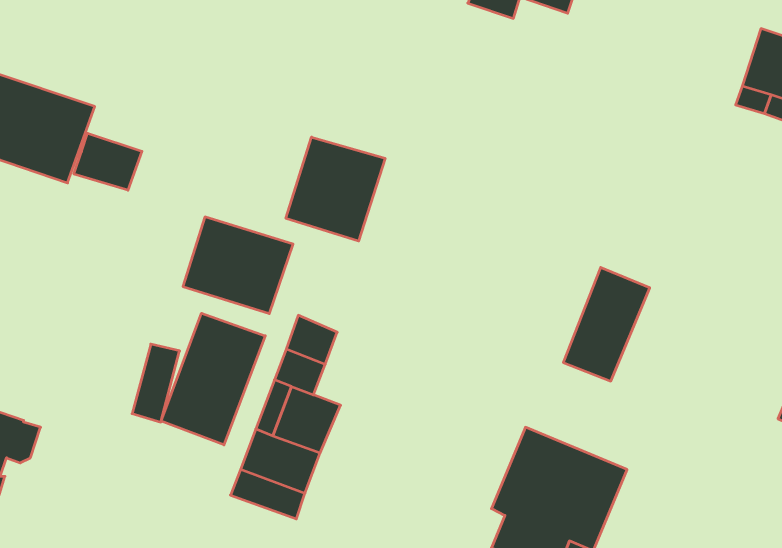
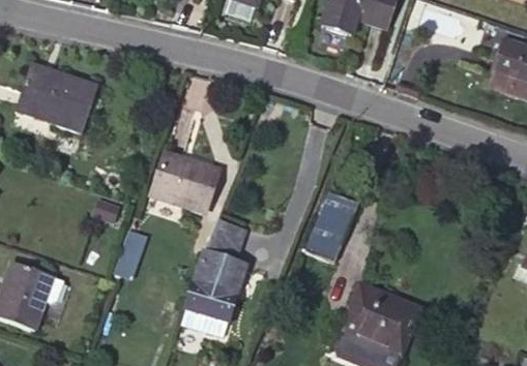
building: [74,133,142,190] -> none
building: [286,137,385,241] -> none
building: [563,267,650,381] -> [306,191,359,261]
building: [161,313,265,445] -> none

